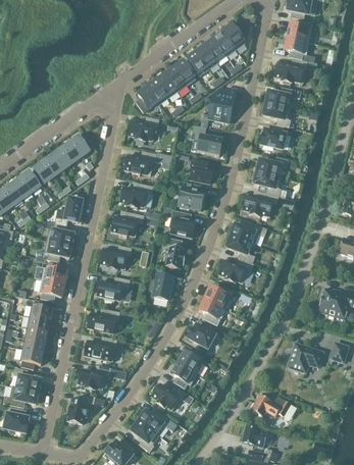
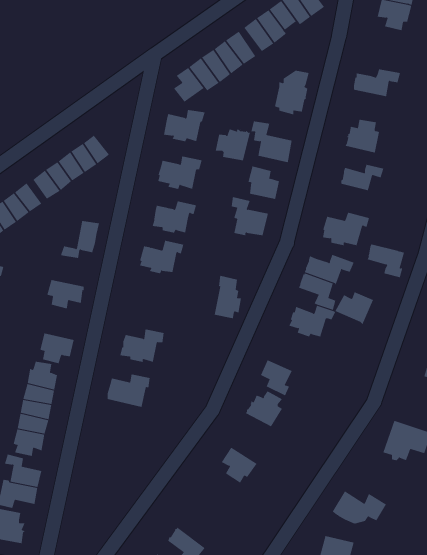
building: [274,58,307,83] -> none
building: [263,103,291,127] -> none
building: none -> [215,128,250,161]
building: [254,171,282,196] -> [367,244,405,278]
building: [169,210,194,238] -> none
building: [47,223,74,246] -> none
building: [101,245,132,269] -> none
building: [42,262,67,285] -> none
building: [151,267,173,300] -> none
building: [204,285,233,309] -> [335,291,374,325]
building: [85,337,116,361] -> none
building: [178,350,206,374] -> none
building: [79,365,111,390] -> none
building: [152,383,186,410] -> none
building: [67,394,95,423] -> none
building: [139,410,176,435] -> none

